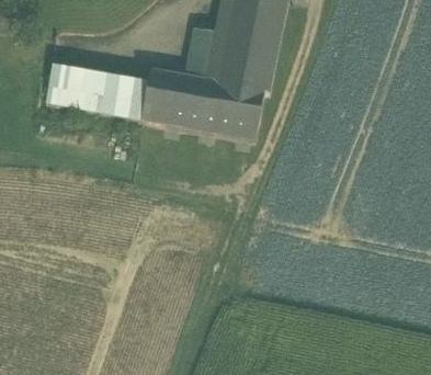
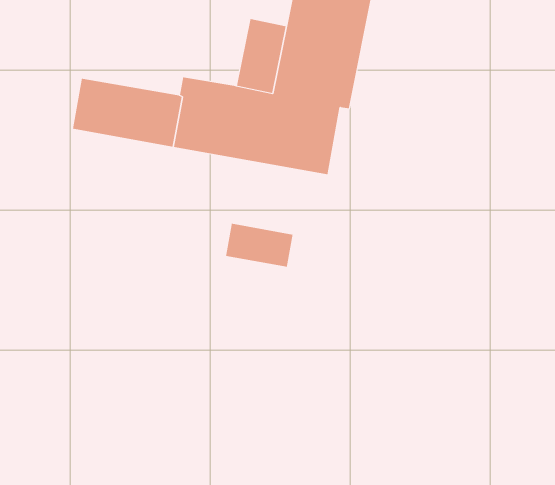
building: [46,65,76,105] -> none
building: none -> [226,223,293,268]

